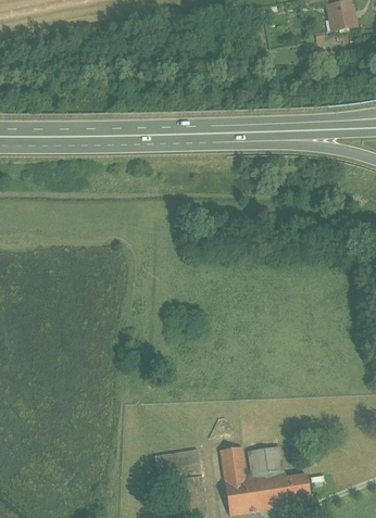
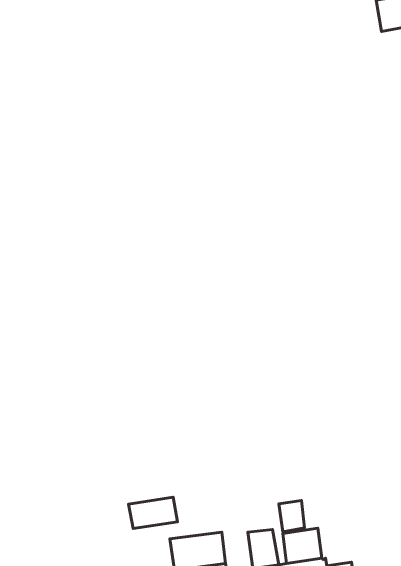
building: none -> [129,497,178,529]
building: none -> [279,501,304,532]

